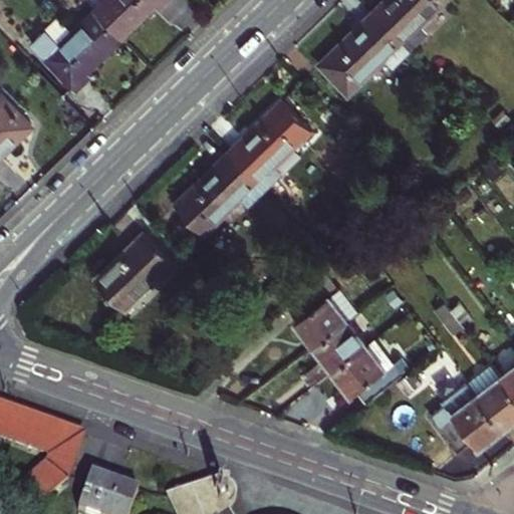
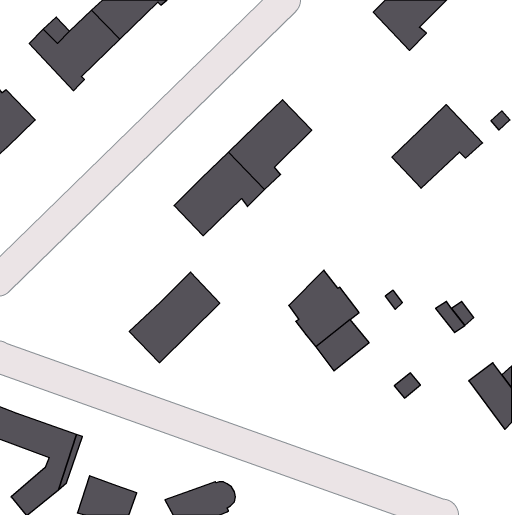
building: [318,12,409,95] -> [392,105,483,188]
building: [83,231,174,321] -> [129,272,220,363]
building: [333,337,403,401] -> none
building: [430,379,504,450] -> none

